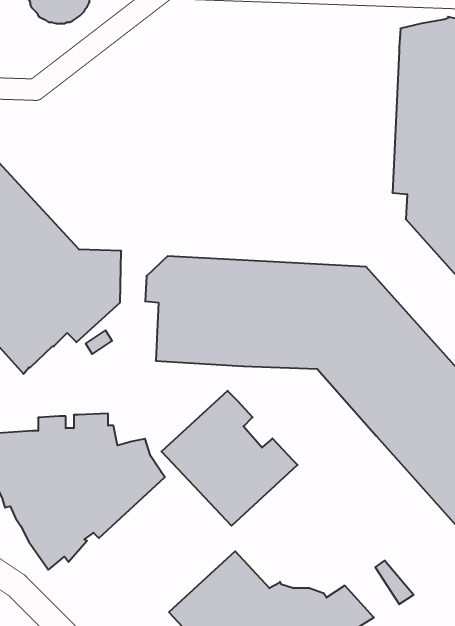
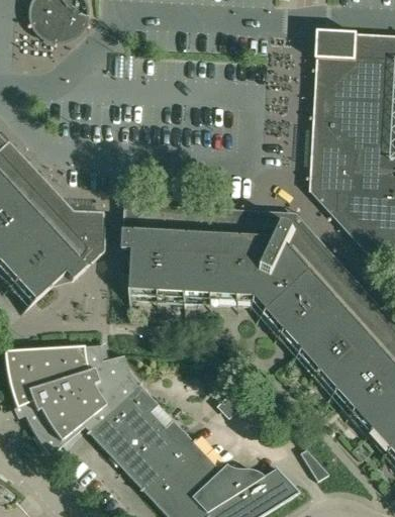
building: [161,391,298,526] -> [88,384,192,487]

